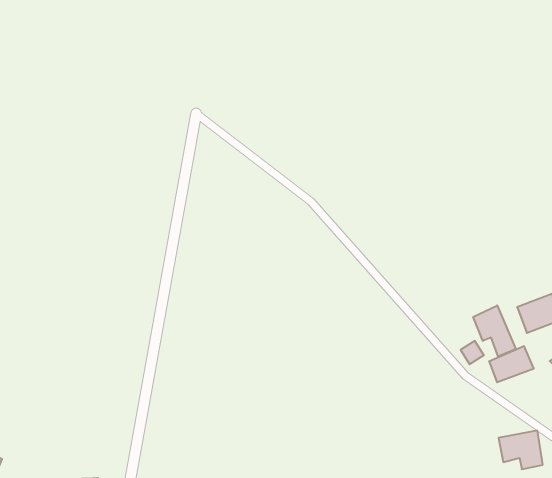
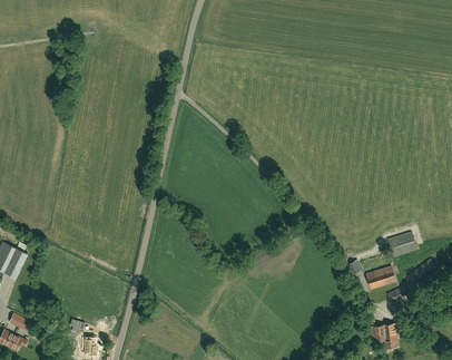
building: [473,305,516,356] -> none

